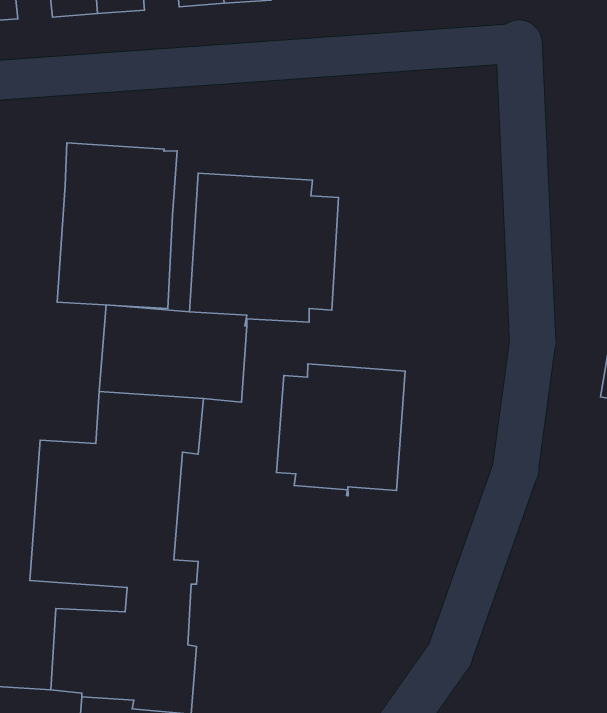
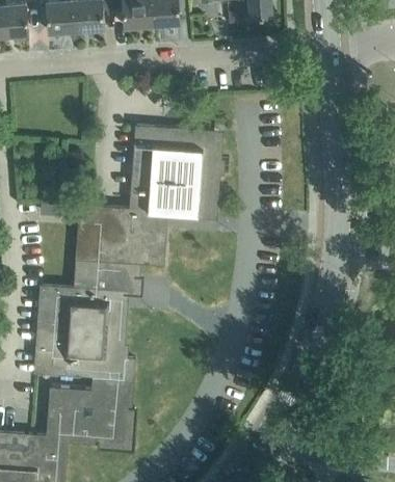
building: [57,143,177,308] -> none
building: [277,364,405,496] -> none

